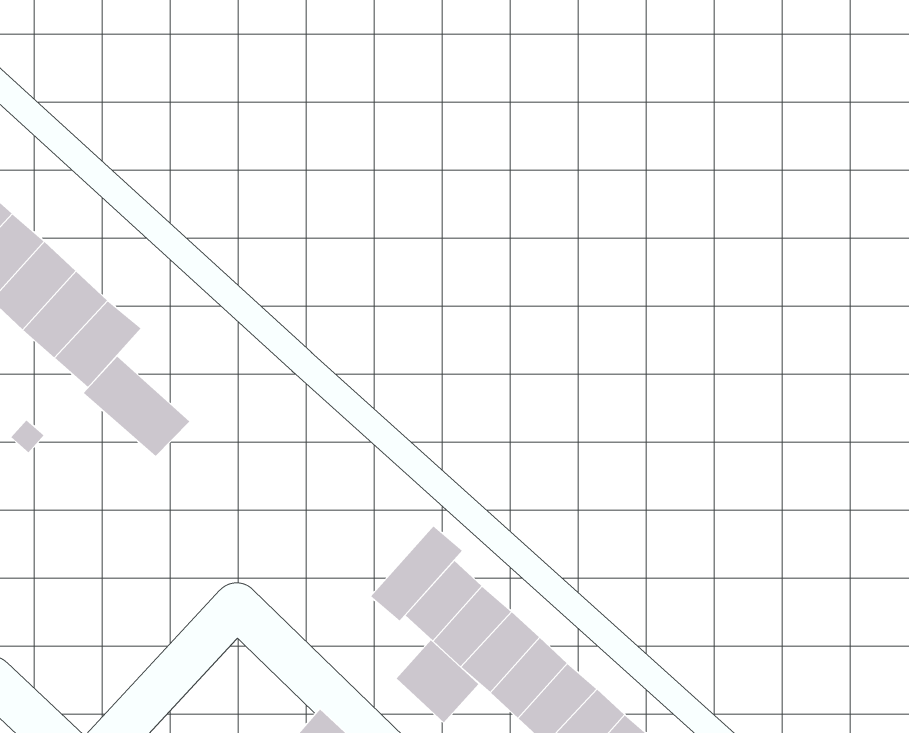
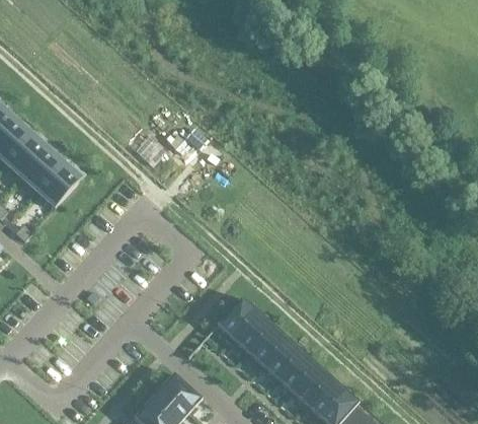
building: [83,356,190,457] -> none
building: [370,526,463,622] -> none
building: [396,640,479,723] -> none

